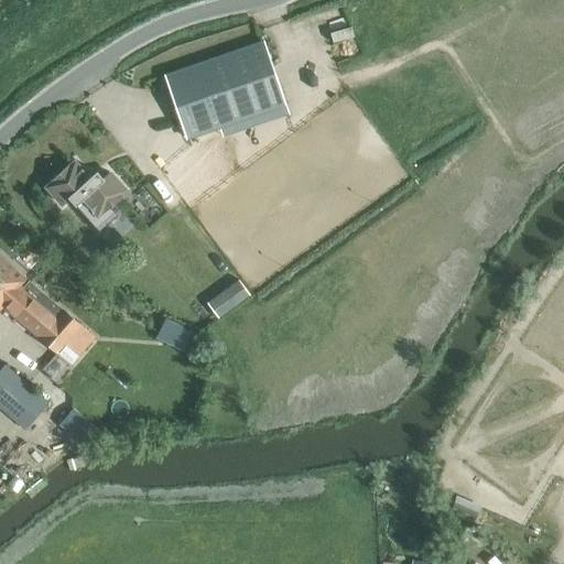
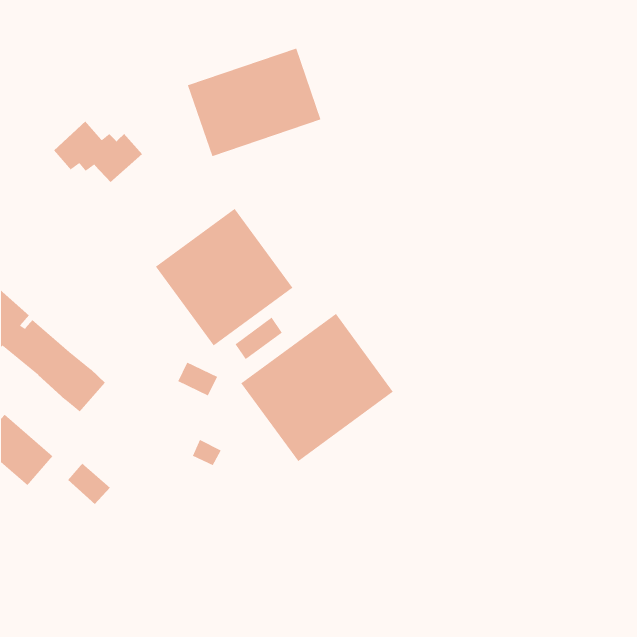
building: [46,161,126,216] -> [53,121,143,183]
building: none -> [155,208,294,346]
building: none -> [240,313,394,462]

